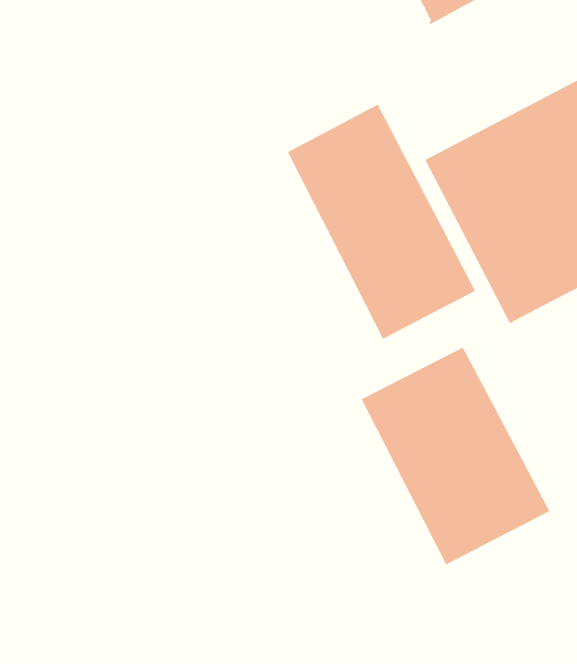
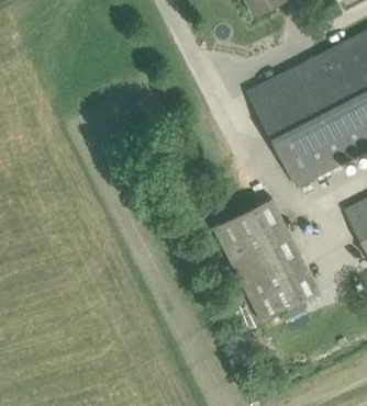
building: [287,104,476,339] -> none

